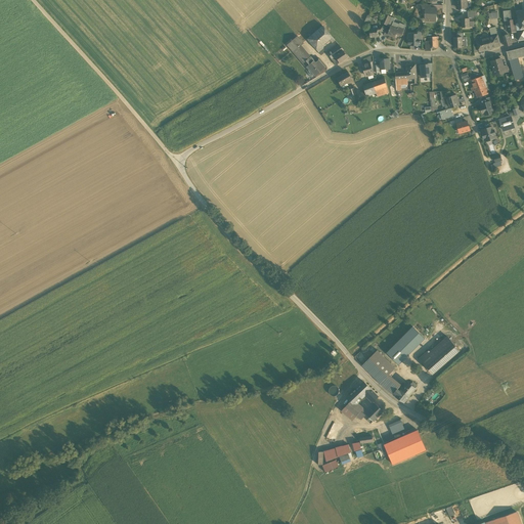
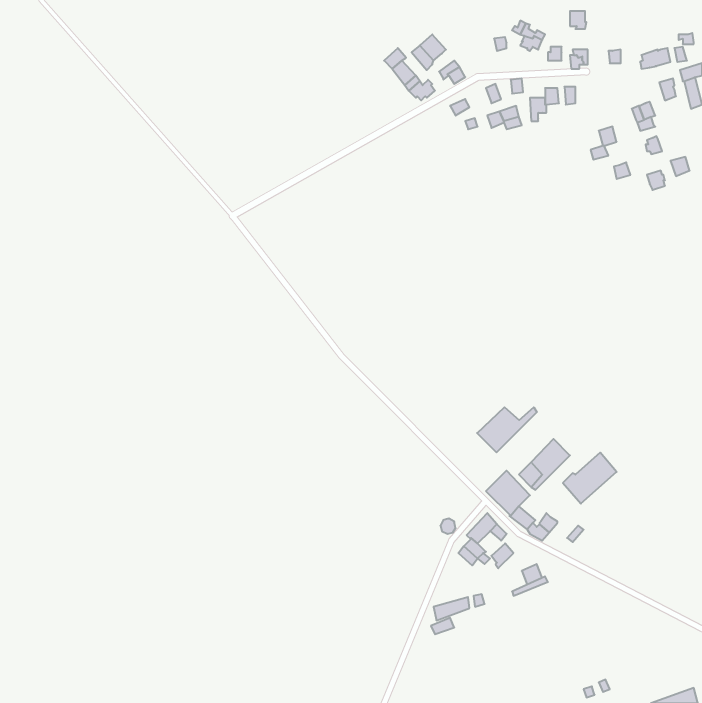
building: none -> [477,407,537,452]
building: [383,431,425,464] -> none

